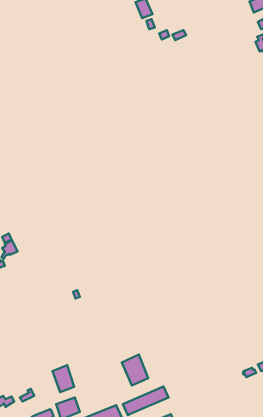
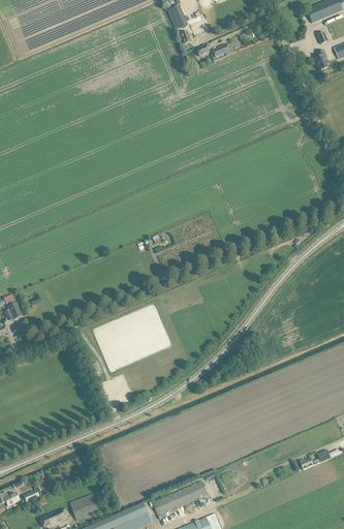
building: [122,355,148,386] -> none
building: [52,365,74,392] -> none

